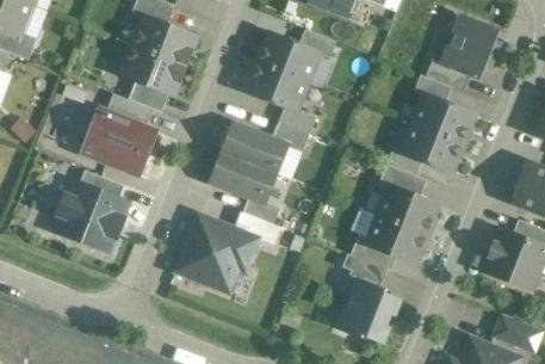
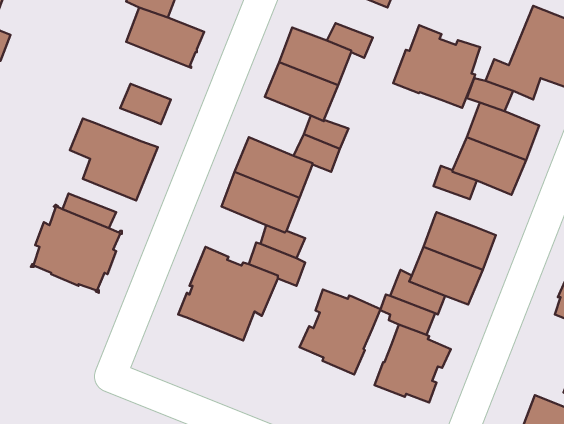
building: none -> [393,25,480,108]
building: [119,45,185,95] -> none
building: [105,94,151,128] -> none
building: [377,165,425,198] -> none
building: none -> [300,290,381,374]

